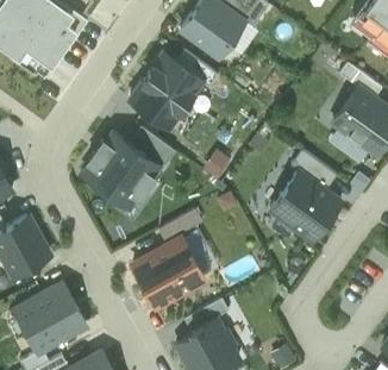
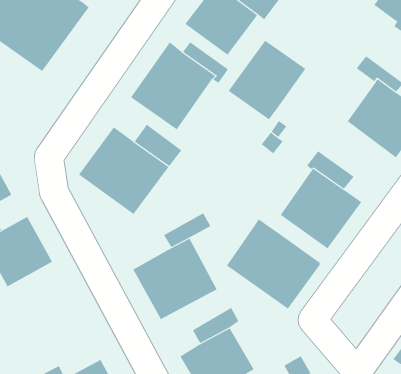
building: none -> [228,40,306,120]
building: none -> [226,218,320,309]
building: [12,280,90,357] -> none

